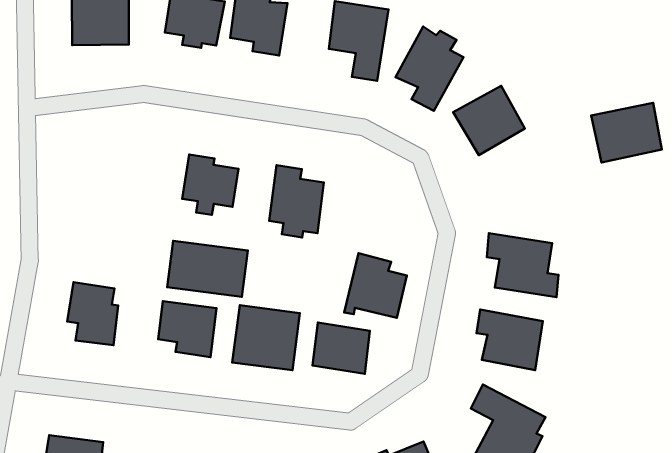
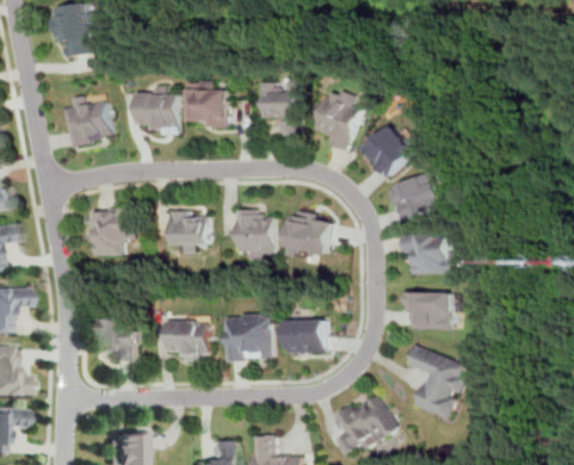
building: [591,103,662,163] -> [390,170,446,221]
building: none -> [93,207,132,255]
building: [167,241,248,297] -> none
building: [344,253,407,318] -> [289,210,331,255]

